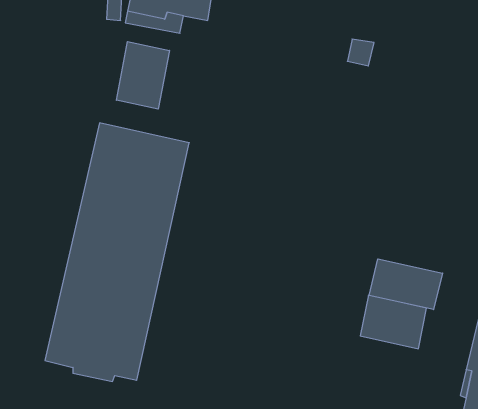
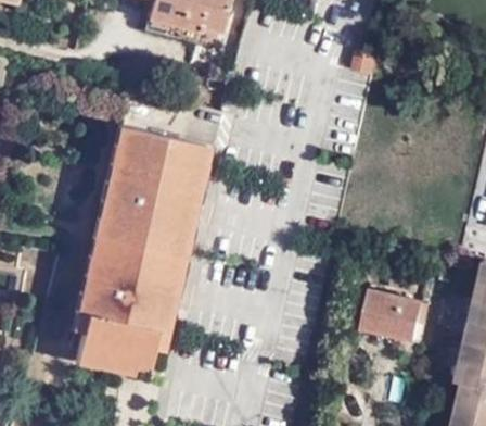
building: [116,42,169,109] -> none
building: [369,259,443,310] -> none

